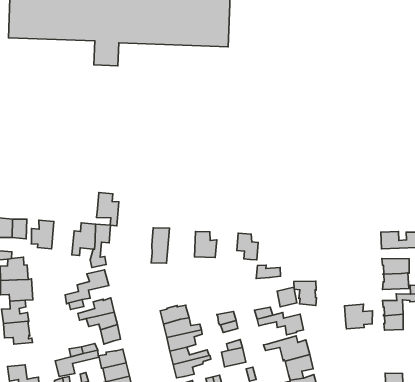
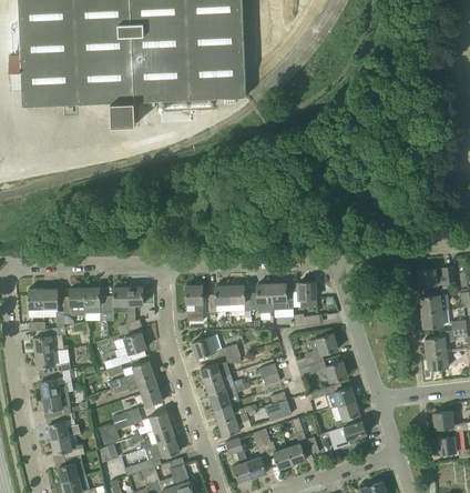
building: [97,192,119,226] -> [85,288,106,320]
building: none -> [210,285,231,312]
building: none -> [252,283,273,313]
building: none -> [192,336,241,359]
building: [294,281,317,305] -> [293,281,317,305]
building: [344,304,372,329] -> none
building: none -> [49,412,80,439]

